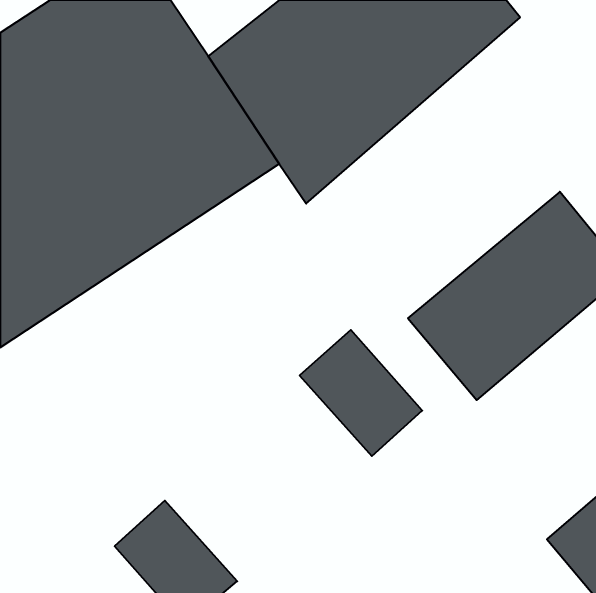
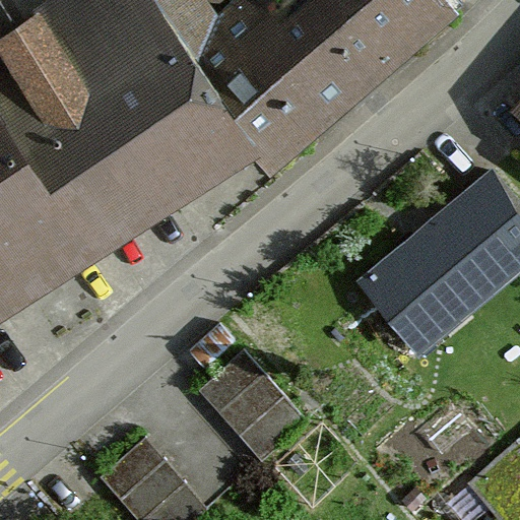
building: [300,330,422,456] -> [201,351,308,461]

